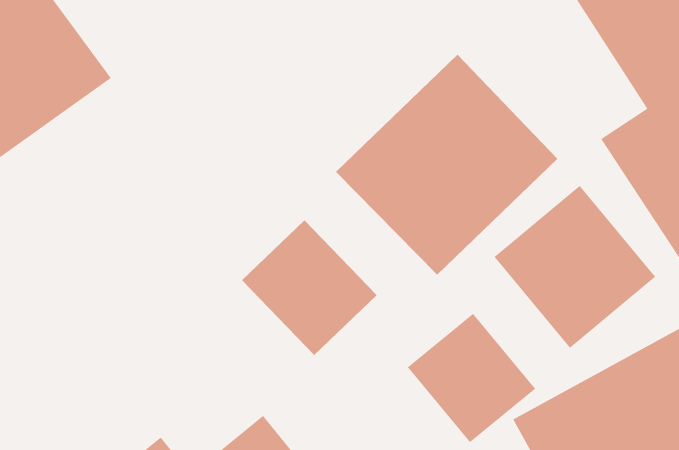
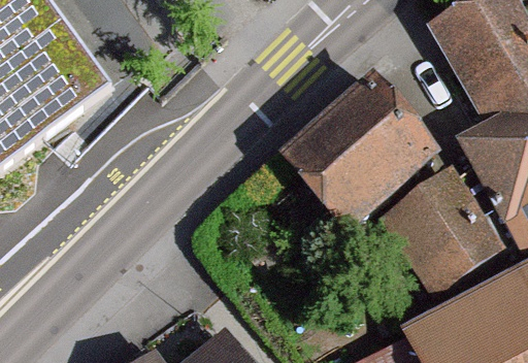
building: [241,219,378,356] -> none
building: [407,313,536,443] -> none

